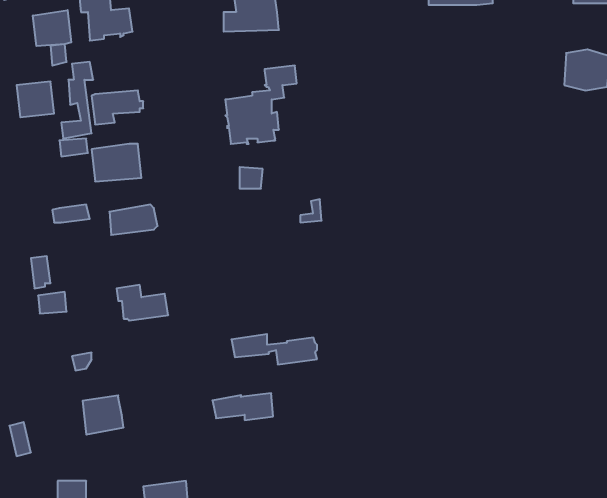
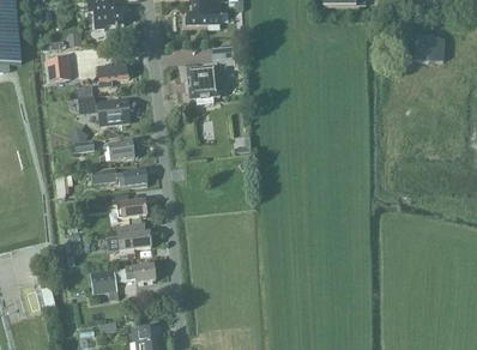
building: [33,10,71,46] -> none
building: none -> [116,223,151,251]
building: [231,334,317,364] -> [90,167,147,187]
building: [212,393,273,420] -> [114,264,155,282]

